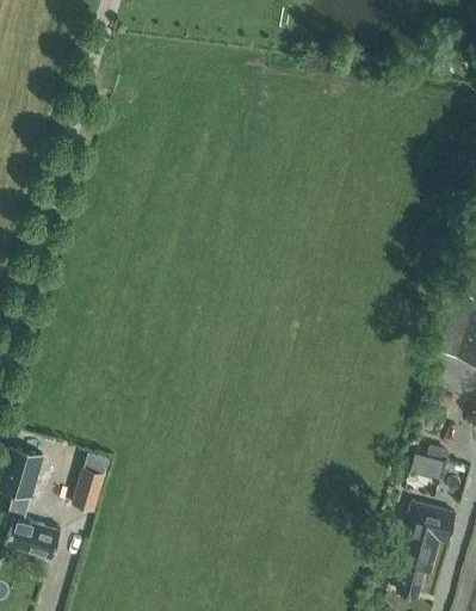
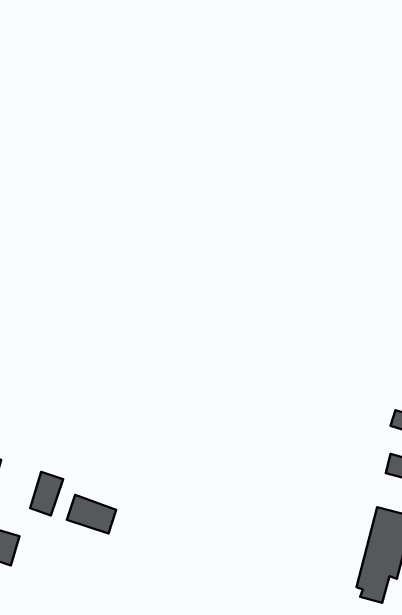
building: none -> [67,495,116,534]

